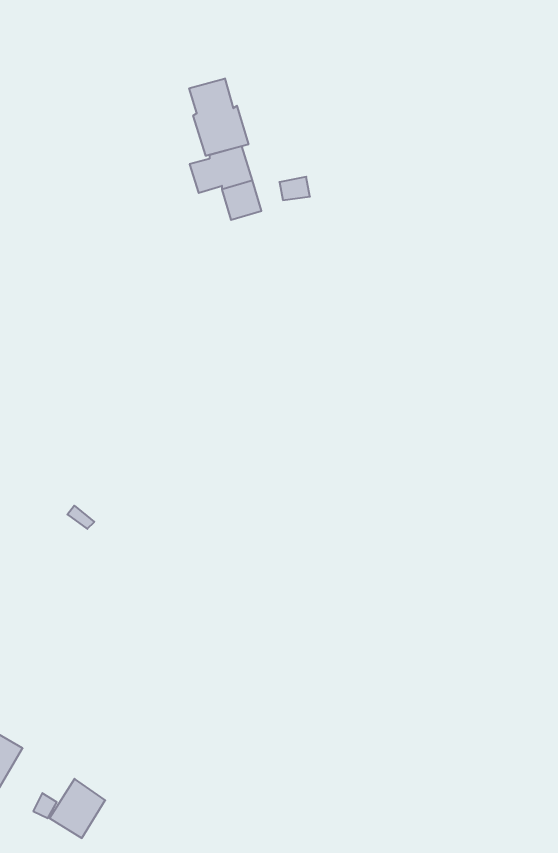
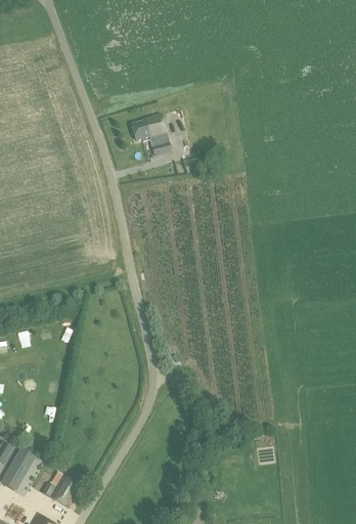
building: [189,78,248,156] -> none

